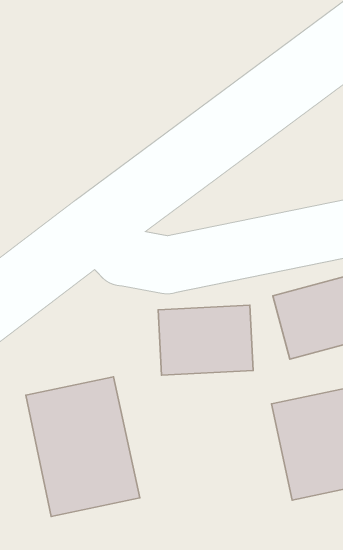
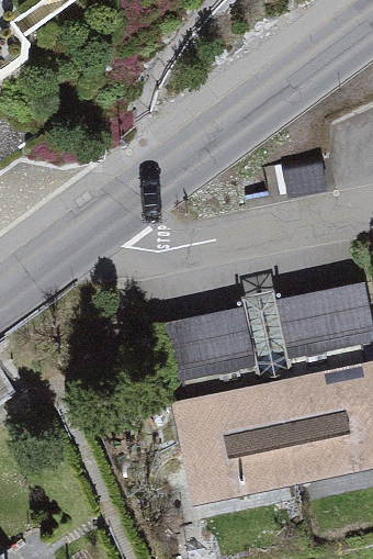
building: [26,377,140,517] -> none
building: none -> [178,391,296,504]

